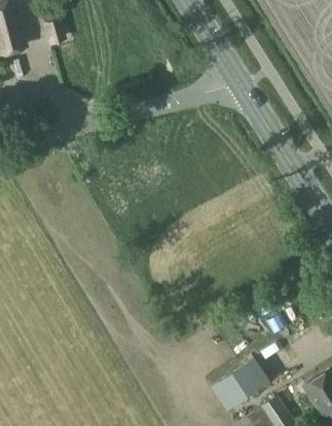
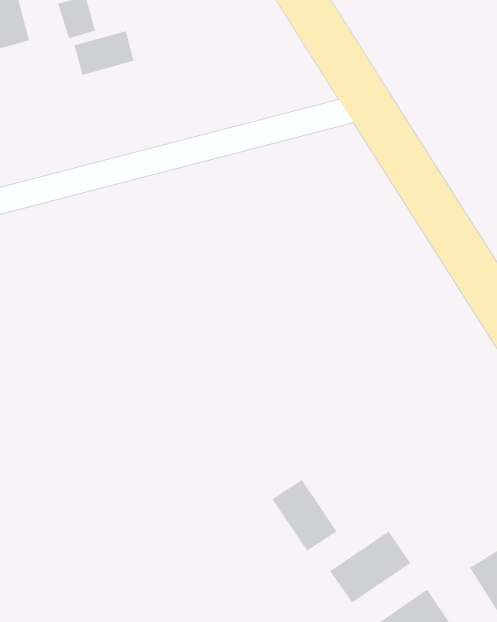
building: none -> [74,30,134,76]
building: none -> [271,479,338,552]

